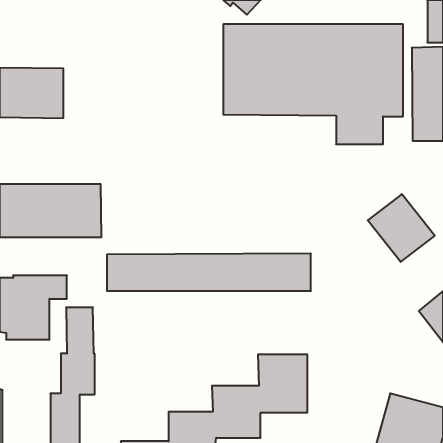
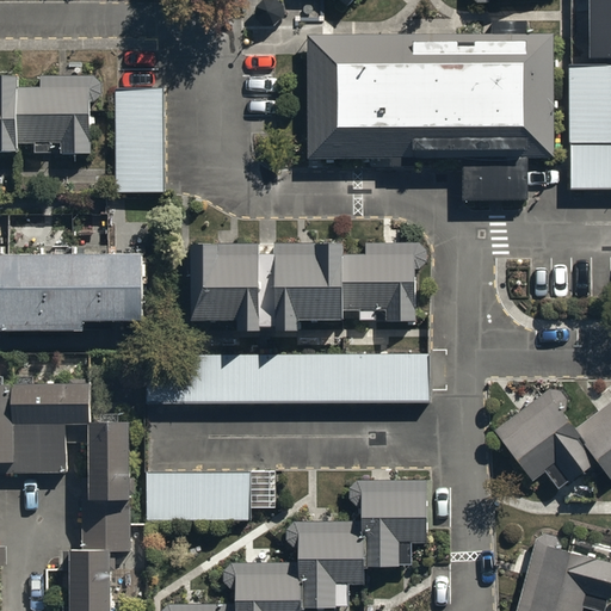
building: none -> [117,92,167,192]
building: none -> [195,241,419,321]
building: [368,194,435,262] -> [495,397,587,490]
building: none -> [147,471,255,523]

